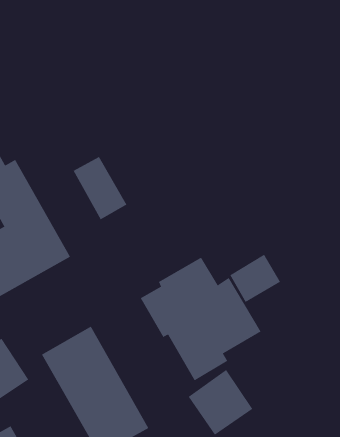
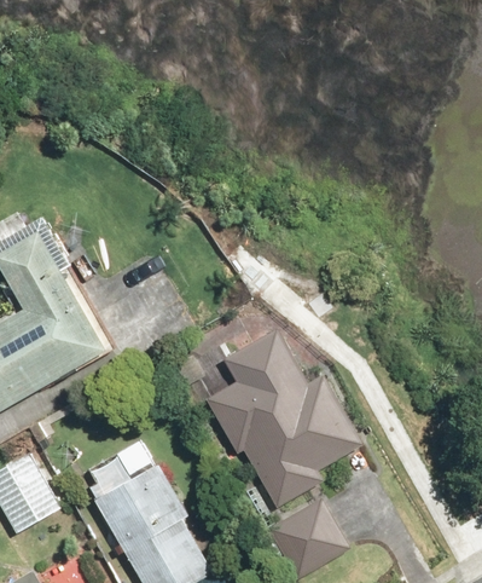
building: [73,156,127,220] -> none
building: [229,254,281,303] -> none

